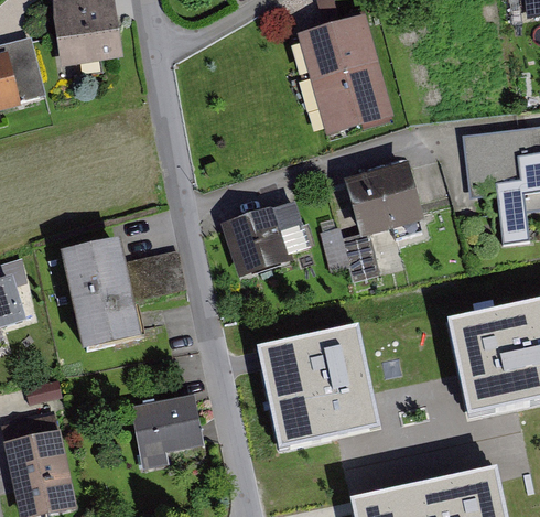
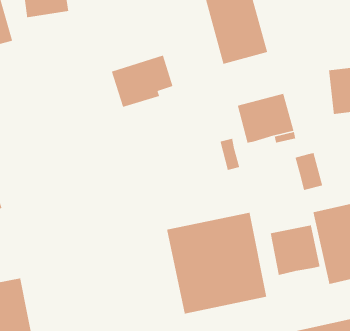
building: [224,201,307,272] -> [111,55,173,108]
building: [342,230,380,282] -> [294,152,323,191]
building: [65,238,186,344] -> none
building: none -> [270,224,320,276]
building: [131,394,201,453] -> none

